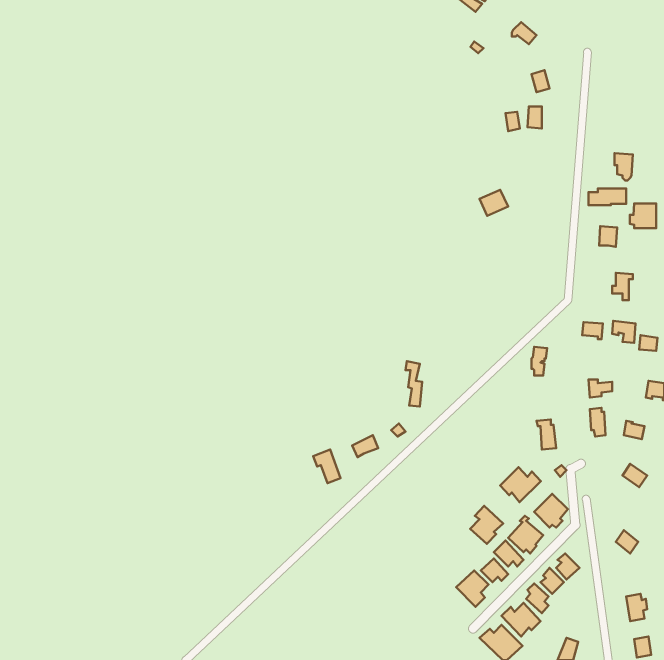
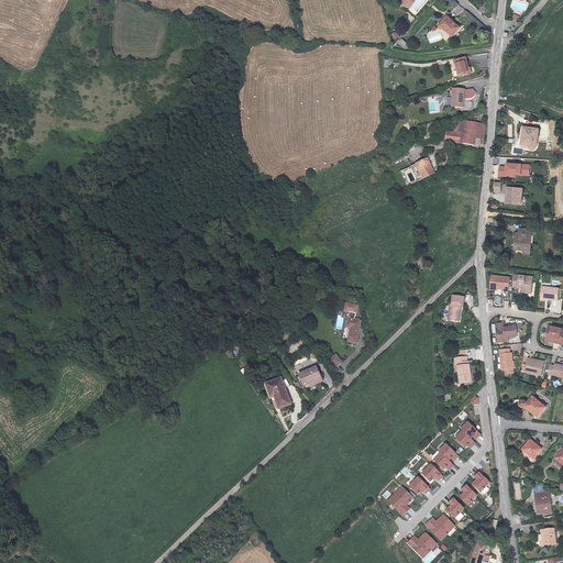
building: none -> [442,123,482,145]
building: [630,203,656,228] -> none
building: [500,467,541,502] -> none
building: [470,506,503,544] -> none

